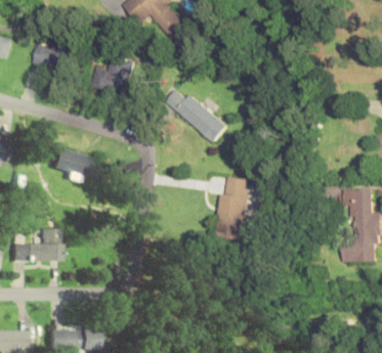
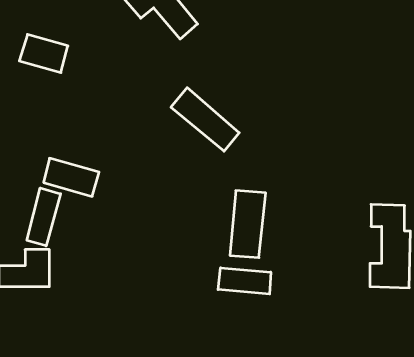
building: [91,55,133,94] -> none
building: none -> [27,188,61,246]
building: none -> [218,268,271,294]

